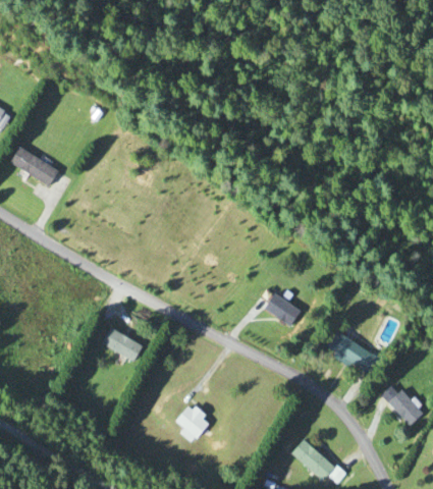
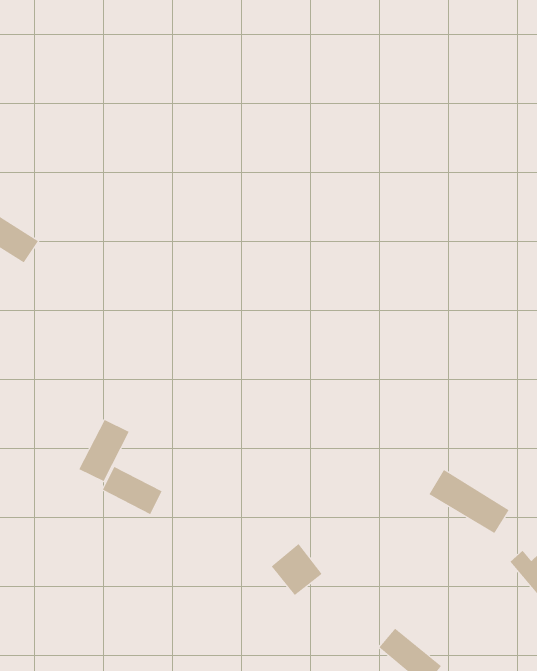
building: [265,293,302,327] -> none
building: none -> [79,419,130,482]
building: [175,404,211,441] -> [271,543,322,596]

